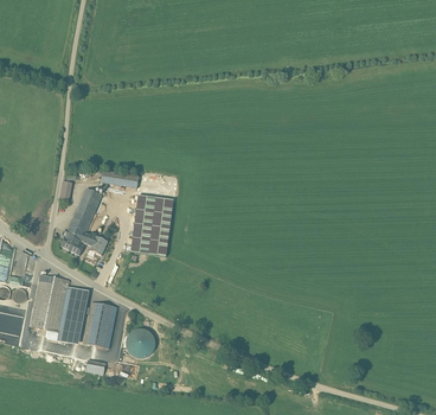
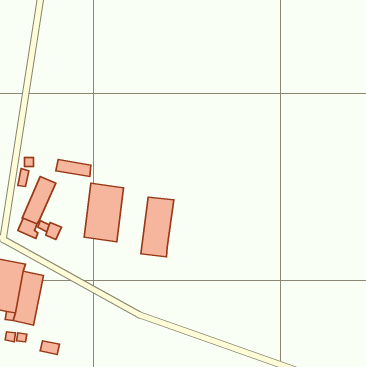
building: none -> [141,197,174,257]
building: [84,302,117,349] -> none
building: [124,328,155,359] -> none

